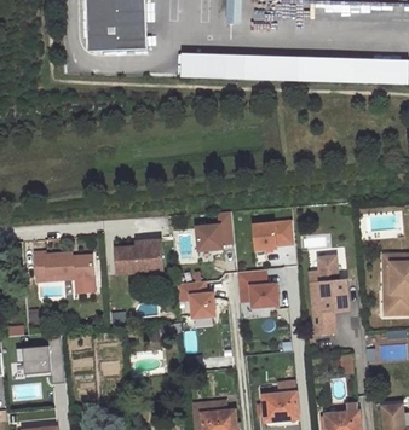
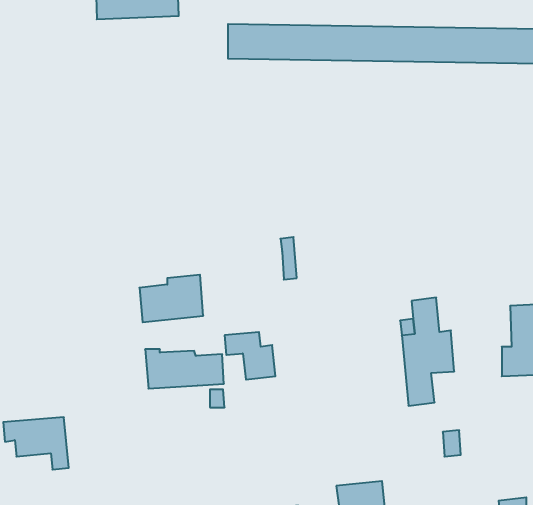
building: [253,220,293,249] -> none
building: [197,222,224,249] -> none
building: [34,251,92,280] -> [145,349,224,389]
building: [238,269,281,307] -> none

